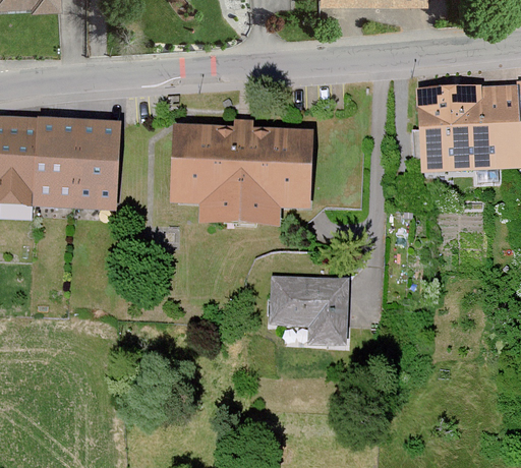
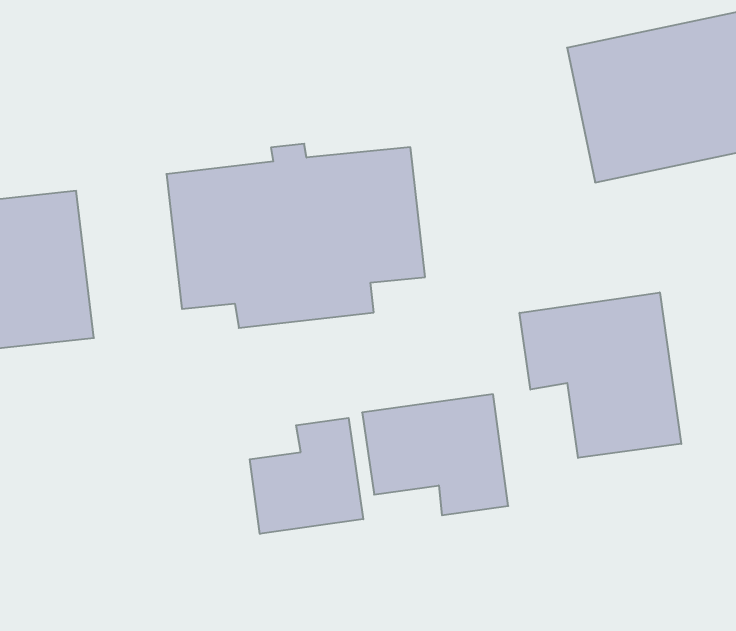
building: none -> [520,292,681,458]
building: none -> [250,418,363,534]

